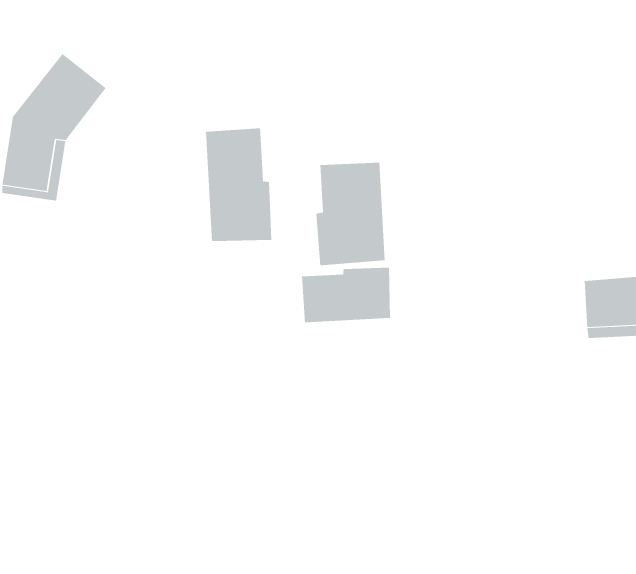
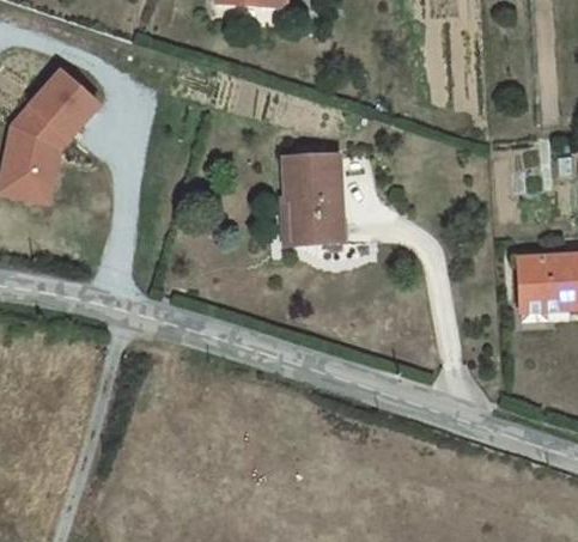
building: [205,128,272,242] -> none
building: [302,267,391,323] -> none

